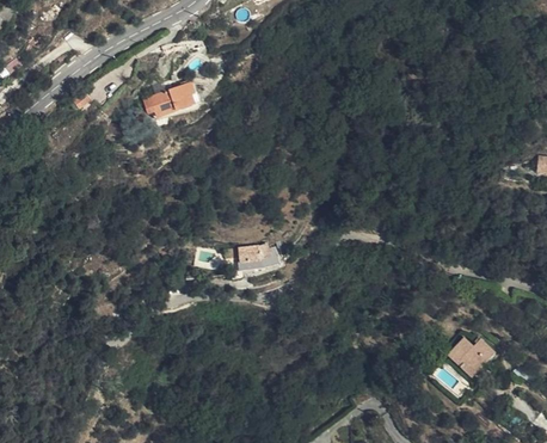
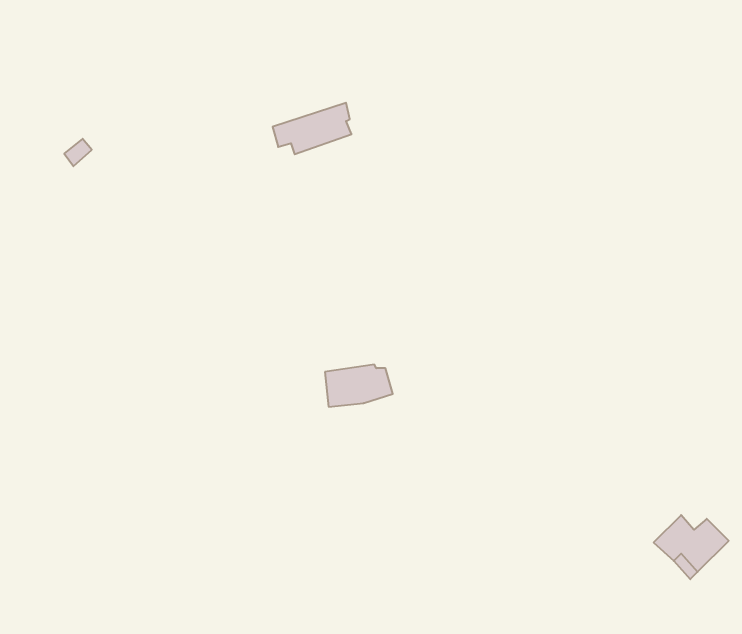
building: [136,86,188,119] -> [273,103,352,154]

